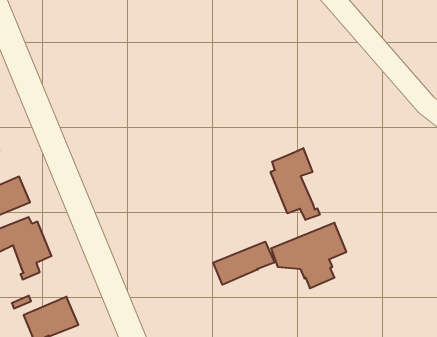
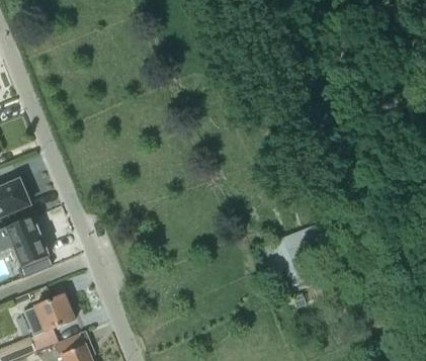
building: [271,148,320,220] -> none
building: [213,242,274,285] -> none

